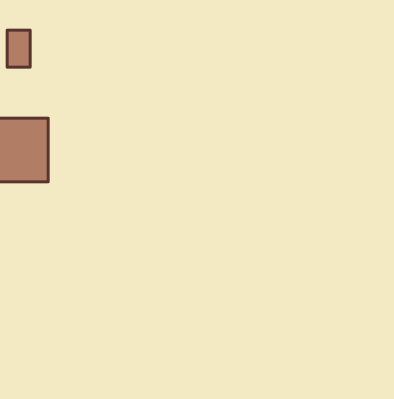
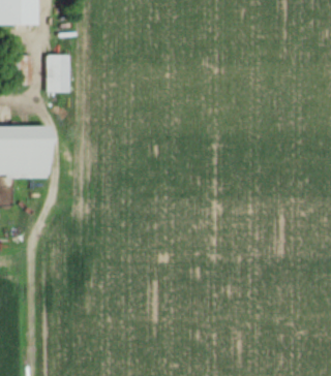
building: none -> [47,55,69,92]

